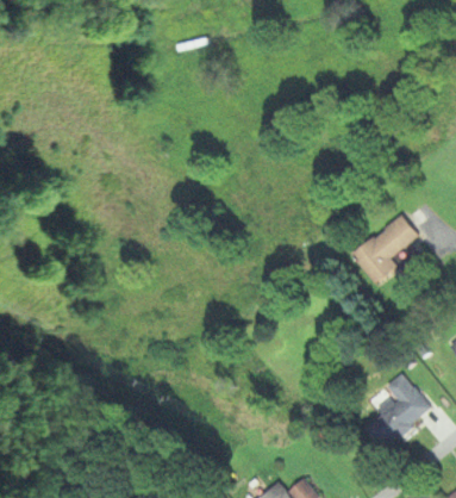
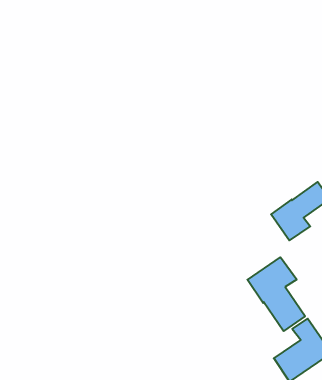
building: none -> [247,257,305,331]

